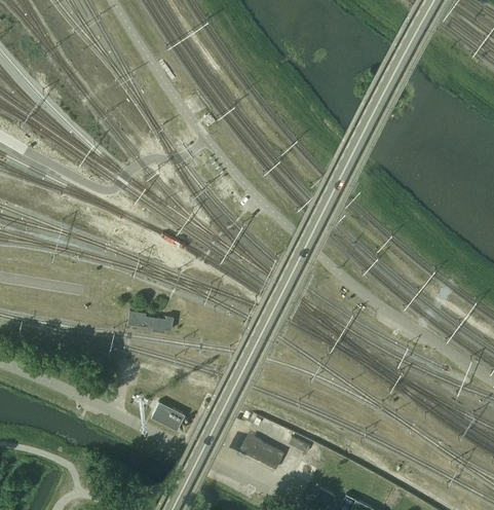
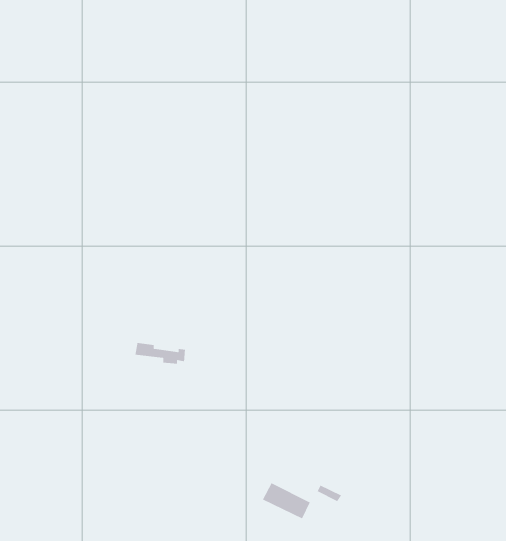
building: [151,401,185,431] -> none

